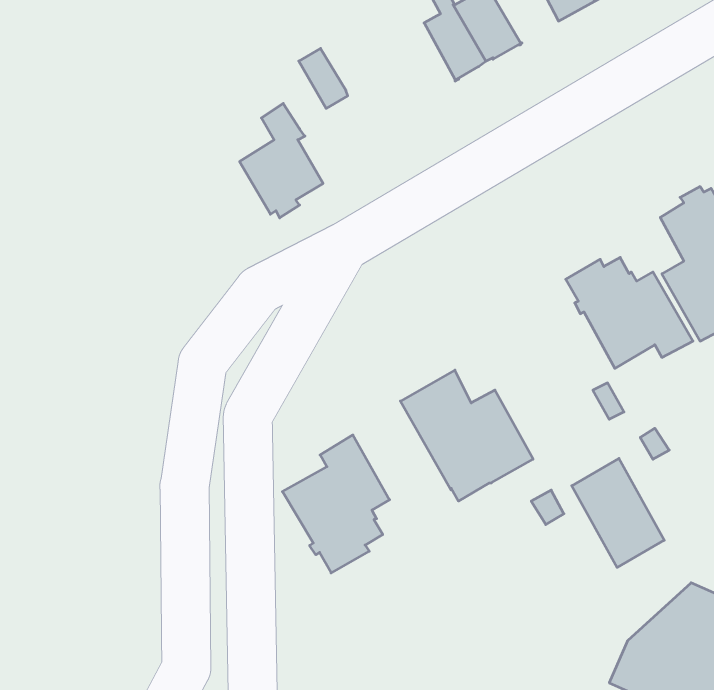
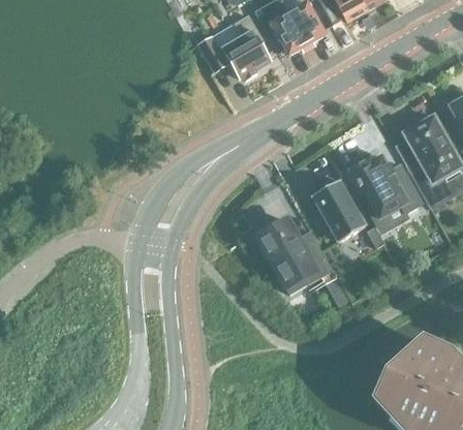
building: [240,103,323,218] -> [223,13,271,79]
building: [282,435,390,573] -> none
building: [572,458,664,567] -> [312,179,365,241]

